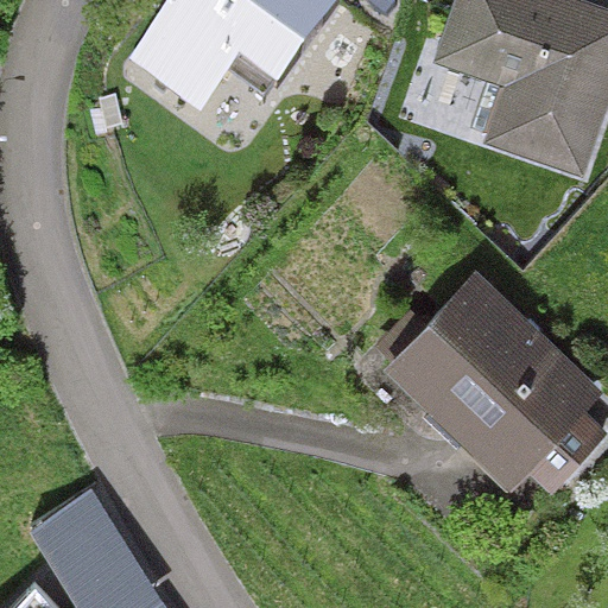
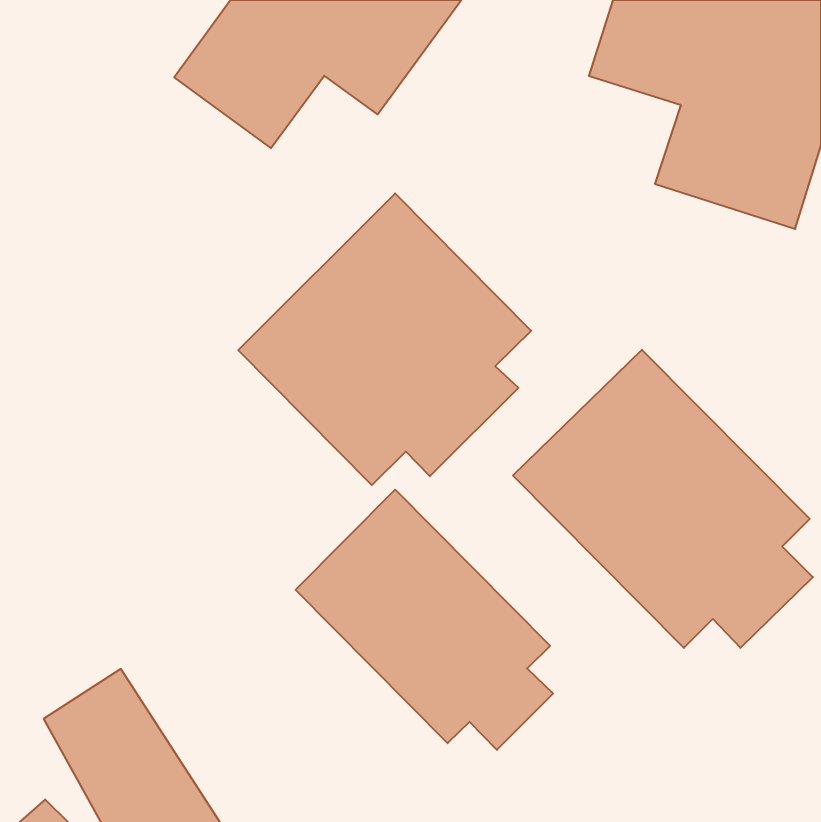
building: none -> [238,193,531,485]
building: none -> [296,490,553,750]

